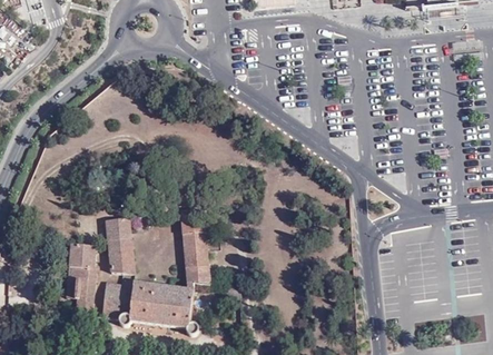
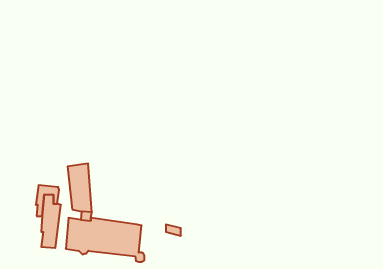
building: [179,206,209,283] -> none

